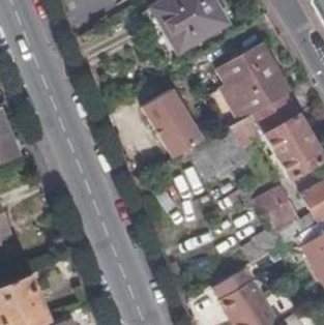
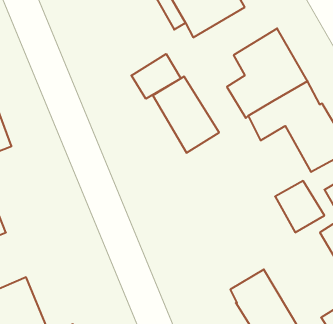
building: none -> [131,54,181,99]

